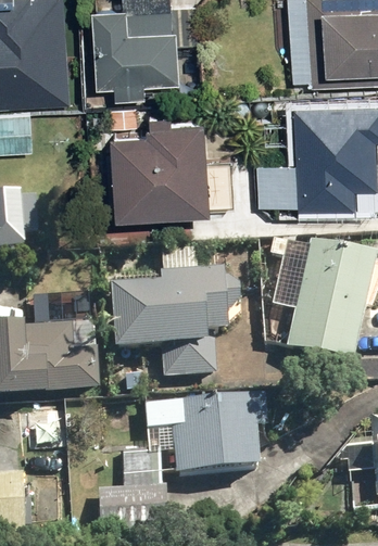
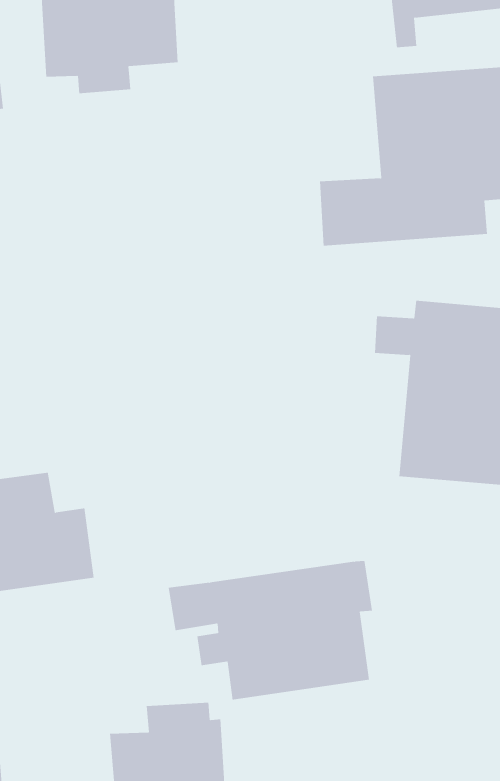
building: [113,110,228,204] -> none
building: [112,252,237,376] -> none

